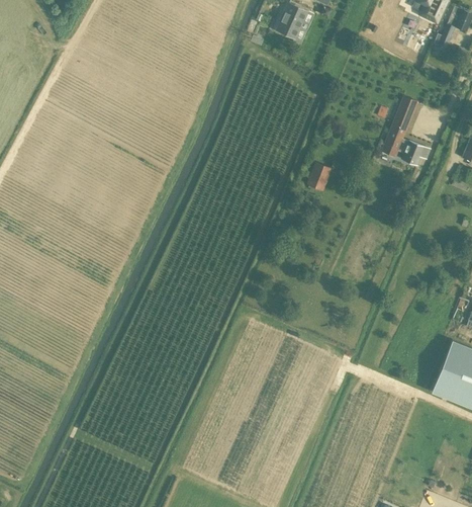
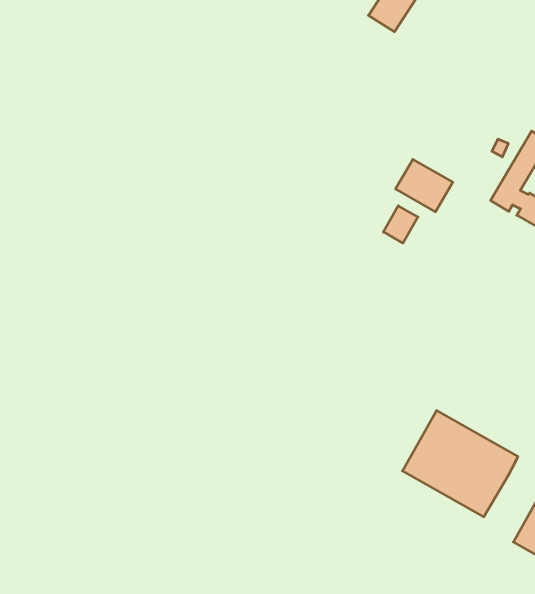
building: none -> [396,159,453,212]
building: none -> [402,411,518,517]

